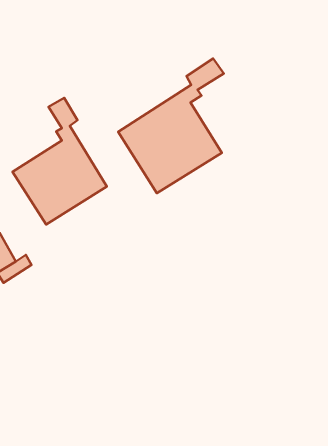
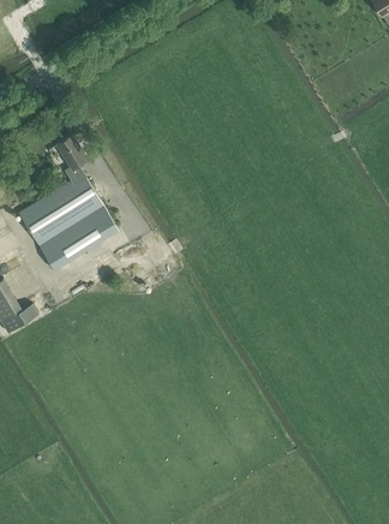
building: [118,59,224,193] -> none

